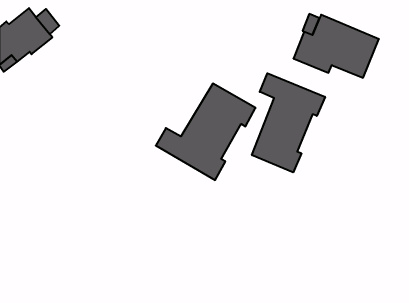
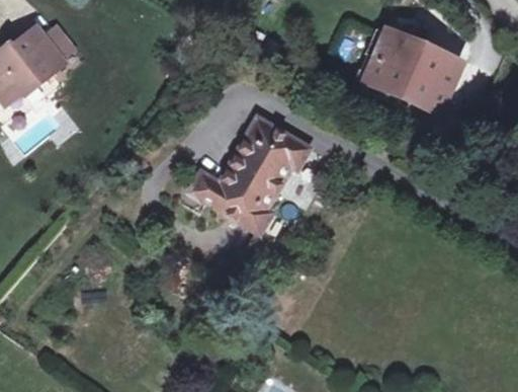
building: [252,73,325,172] -> none

